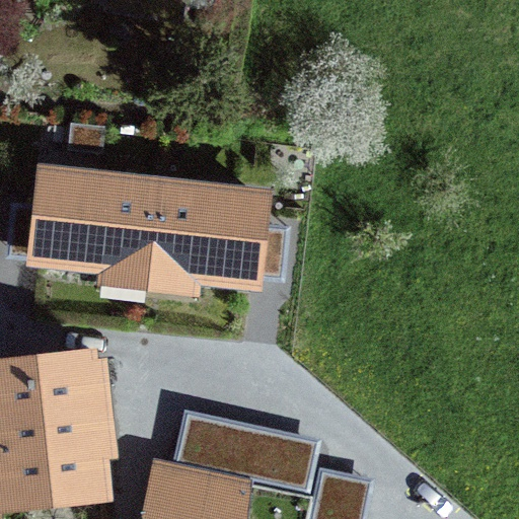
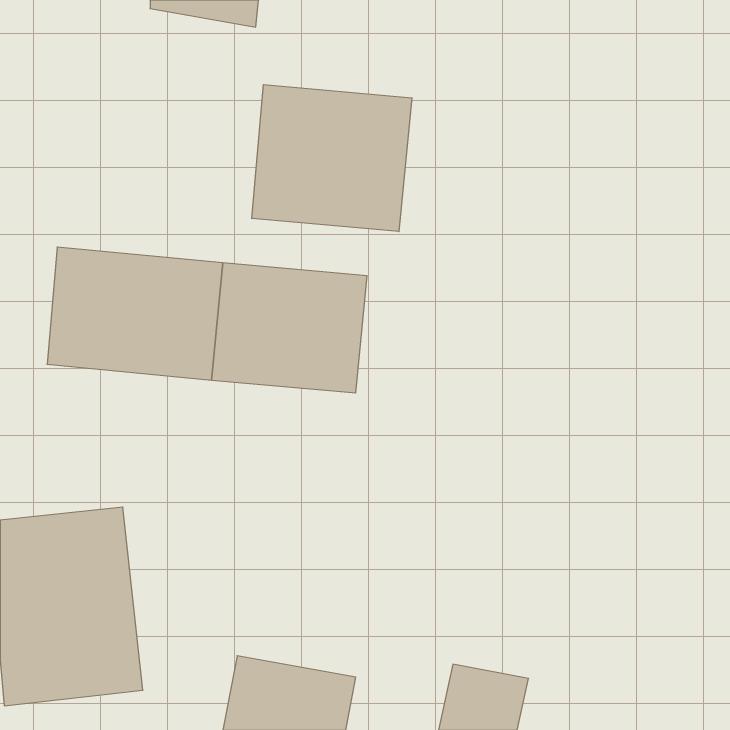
building: none -> [252,85,412,232]
building: [174,415,319,483] -> none

